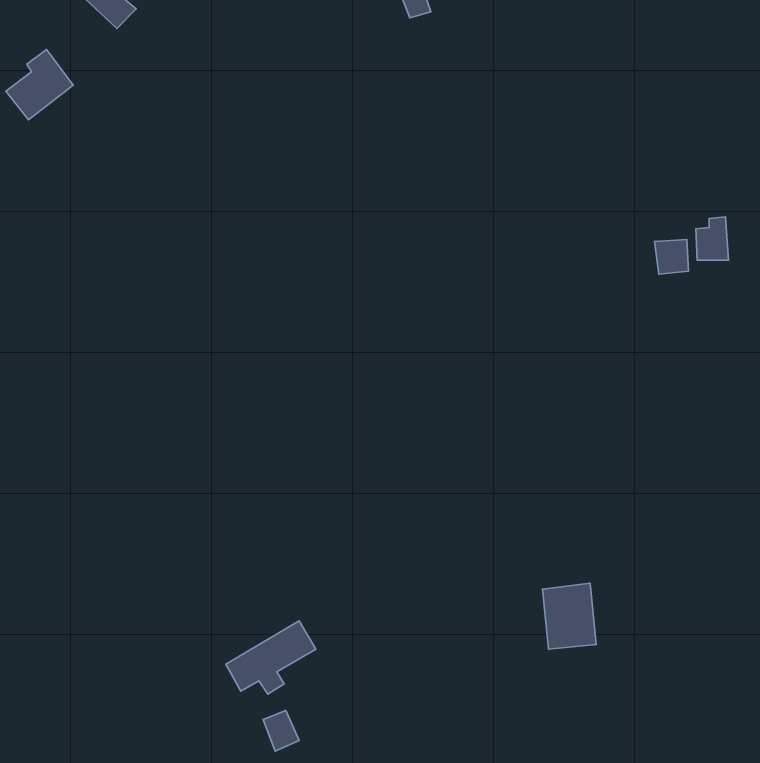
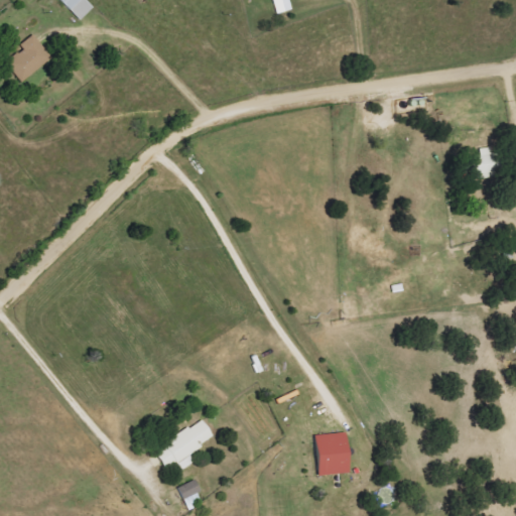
building: [655,239,689,274] -> none
building: [542,583,596,649] -> [314,430,351,475]

